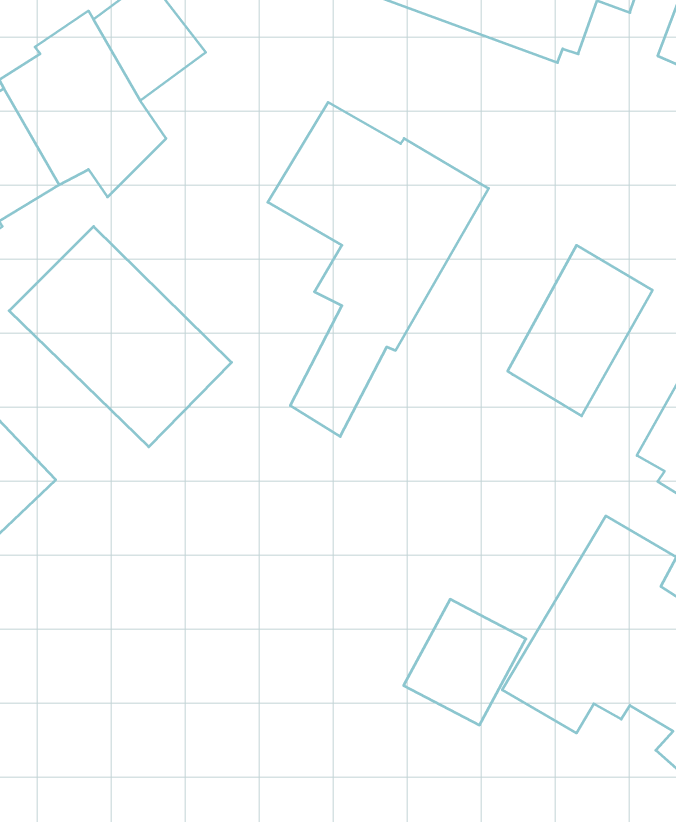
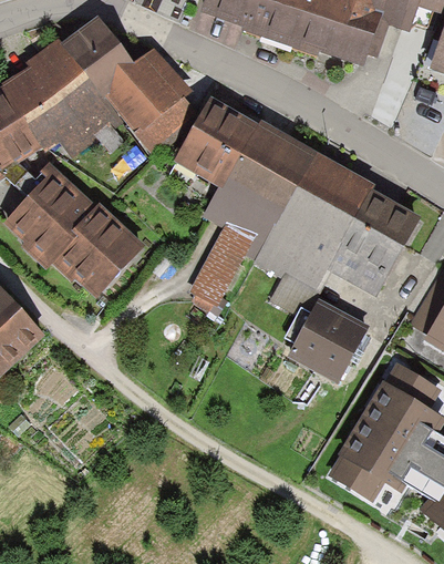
building: none -> [93,50,198,151]
building: none -> [254,150,376,312]
building: [404,599,526,725] -> [290,299,369,380]

